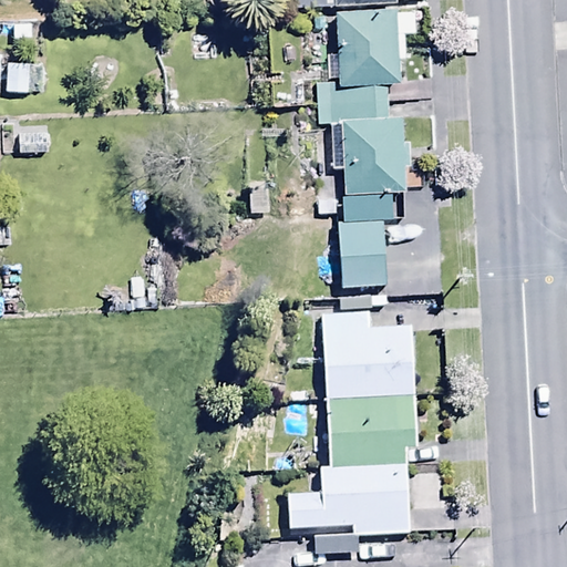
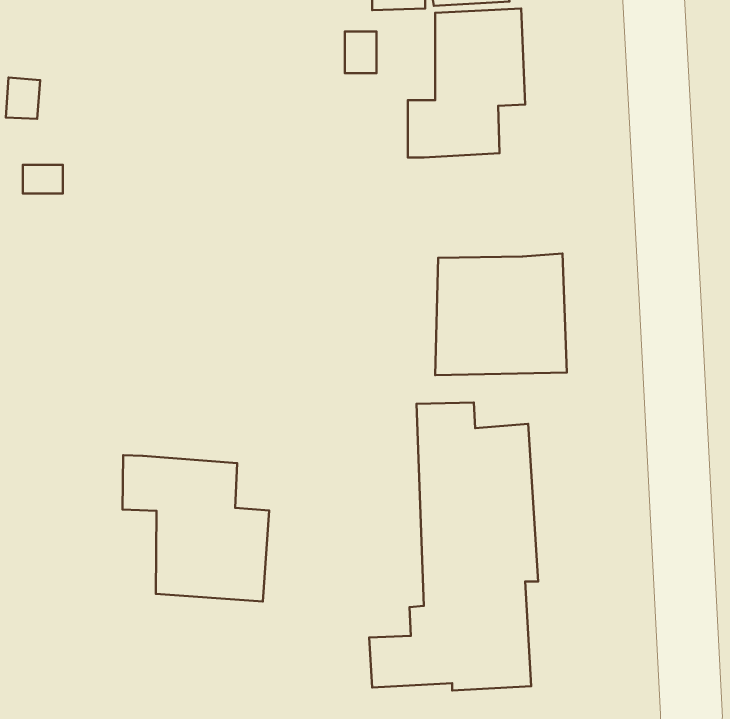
building: [329,118,405,199] -> none
building: none -> [123,455,269,601]

